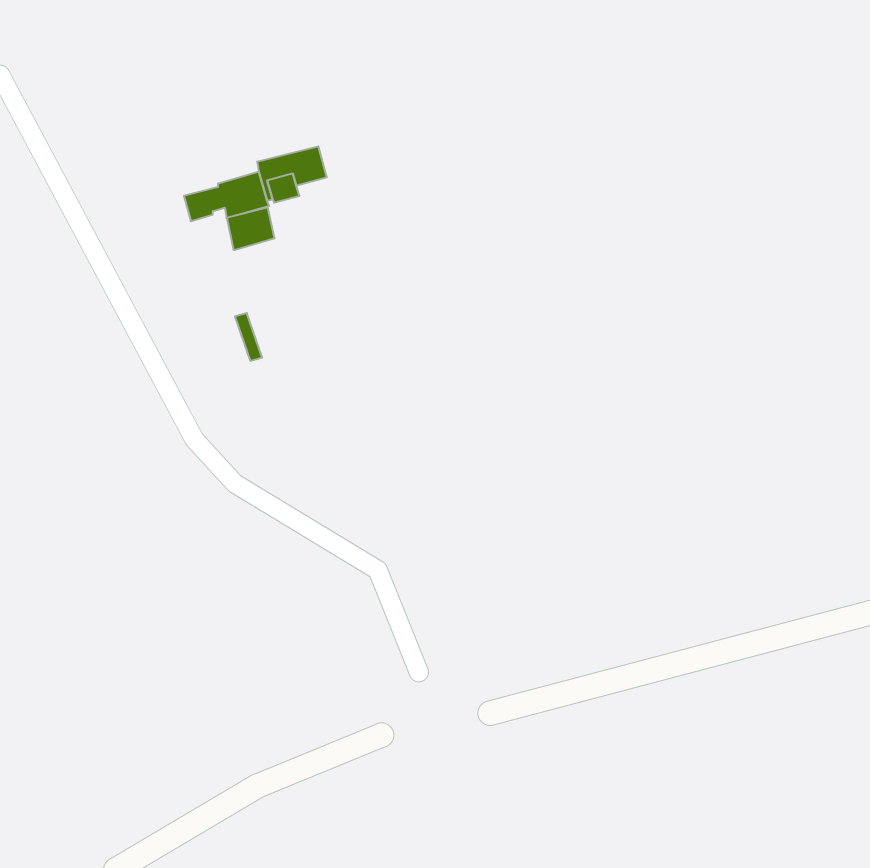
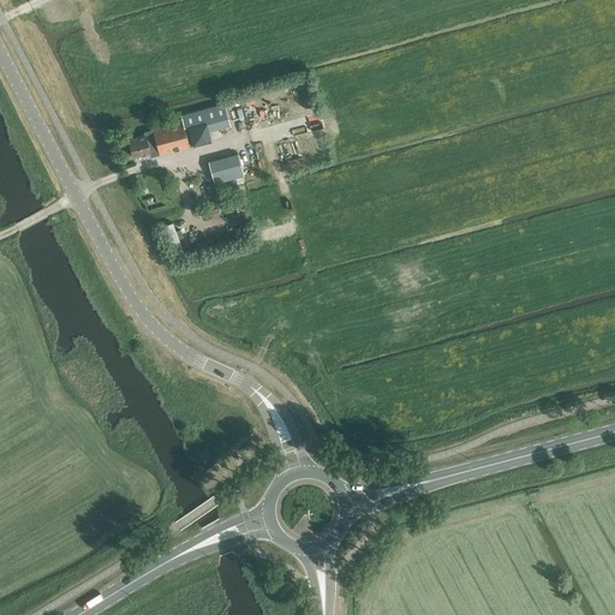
building: [227,208,275,250] -> [210,159,244,189]

